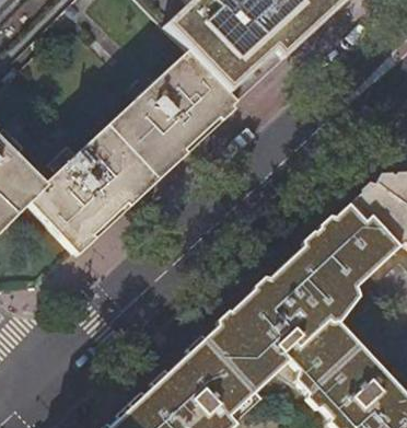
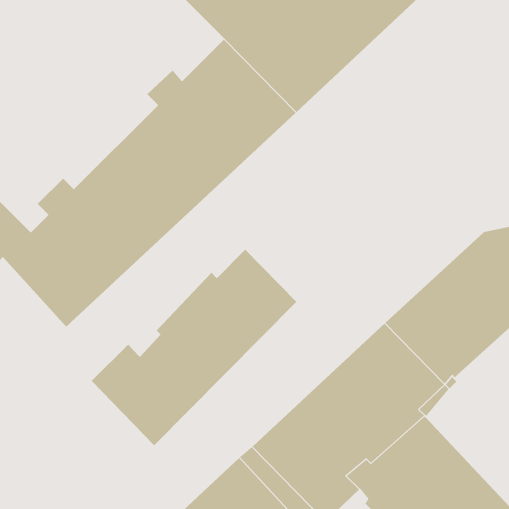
building: none -> [91,249,297,446]

